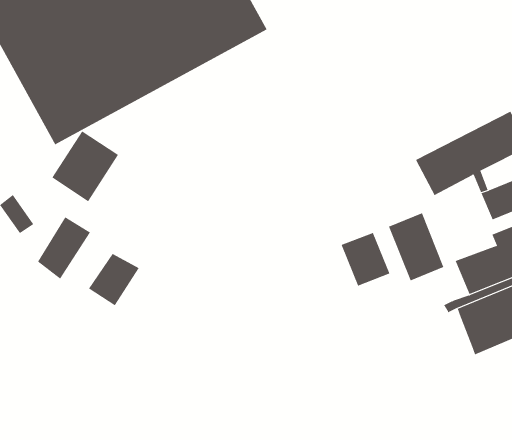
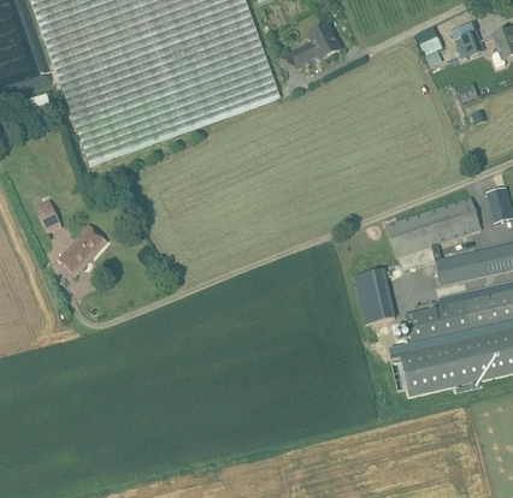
building: [52,130,119,202] -> none
building: [341,232,390,287] -> none
building: [88,253,139,306] -> none

